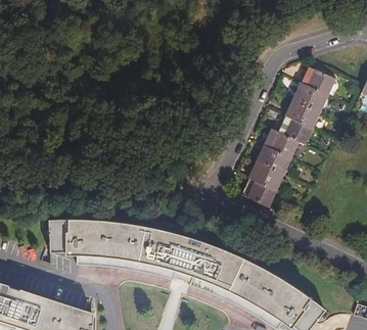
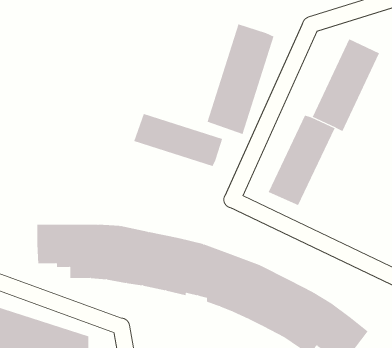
building: none -> [207,23,274,135]
building: none -> [133,113,223,167]

